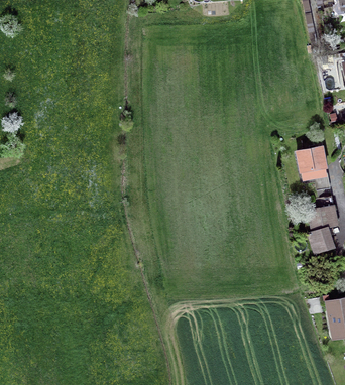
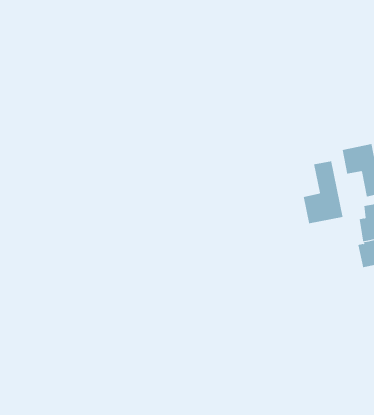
building: none -> [303,161,343,224]

